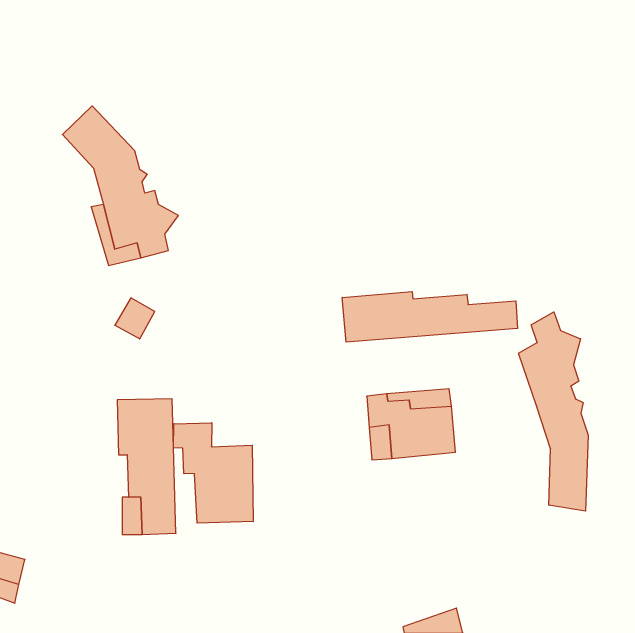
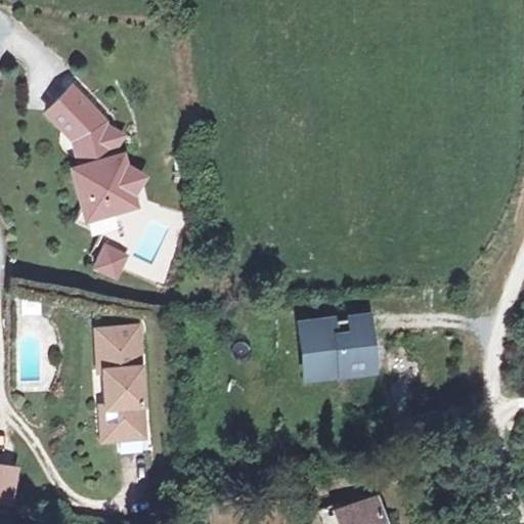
building: [342,292,518,342] -> none
building: [519,312,588,511] -> none
building: [174,423,253,523] -> none

